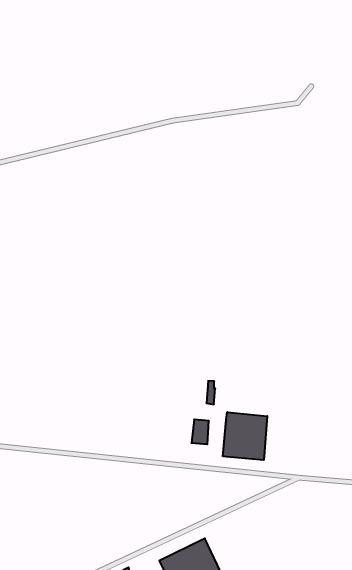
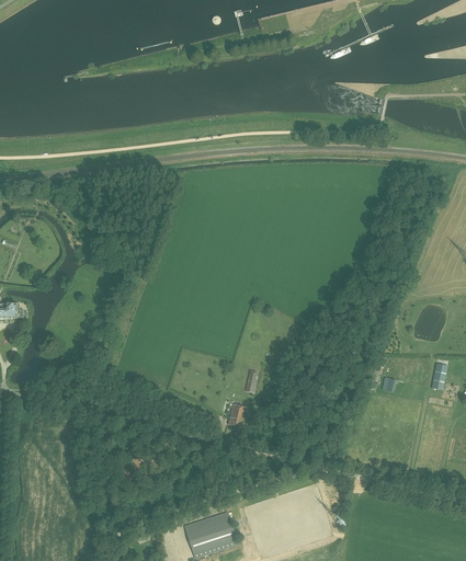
building: [223,412,267,460] -> none

